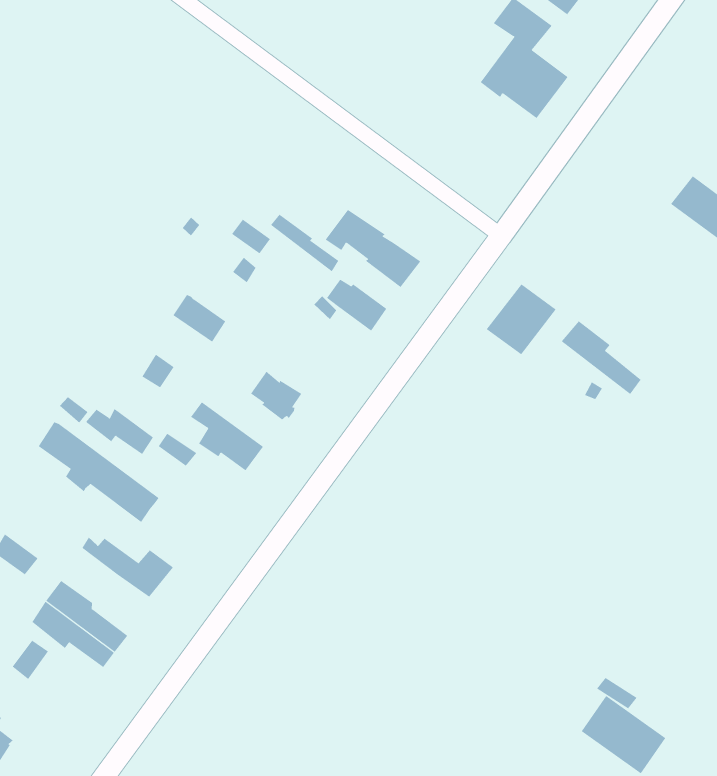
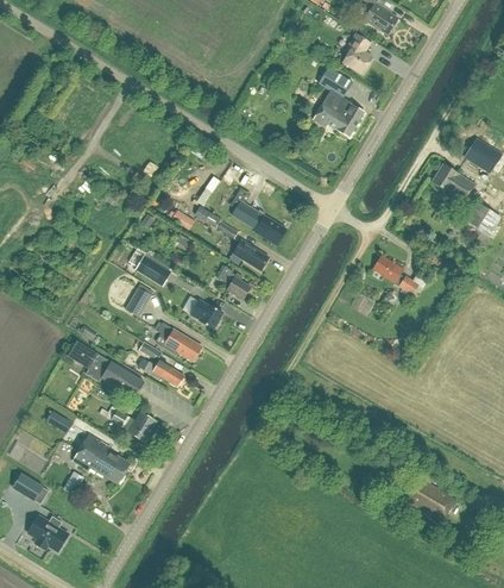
building: [486,283,557,355] -> none
building: none -> [218,265,250,300]
building: [85,408,154,455] -> [141,359,183,386]

